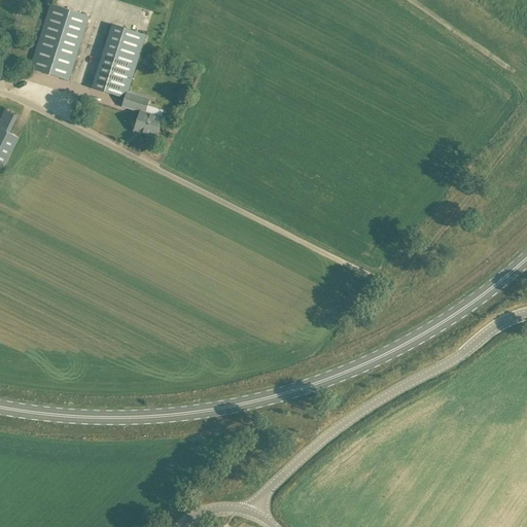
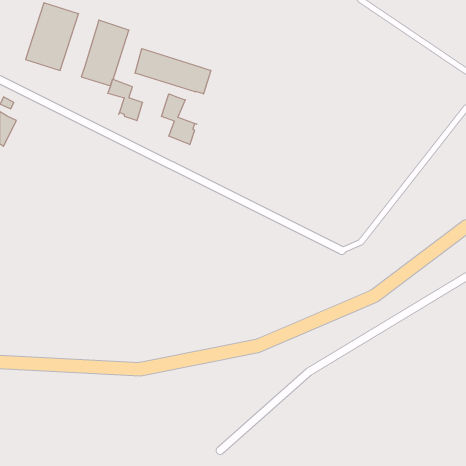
building: none -> [135,49,211,94]
building: none -> [162,94,197,145]

